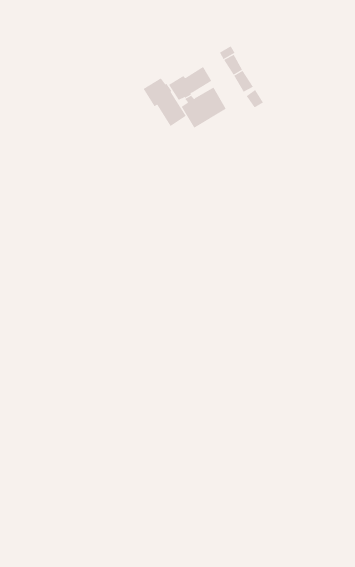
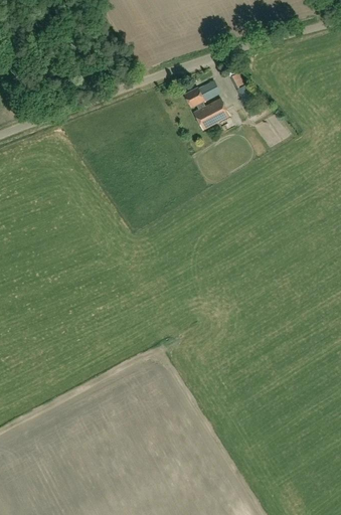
building: [143,77,186,127] -> none

